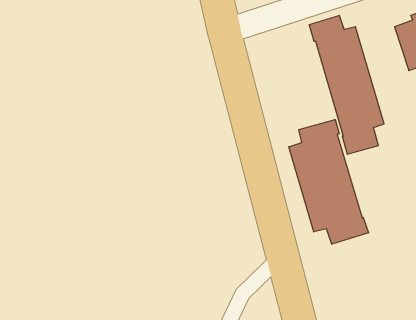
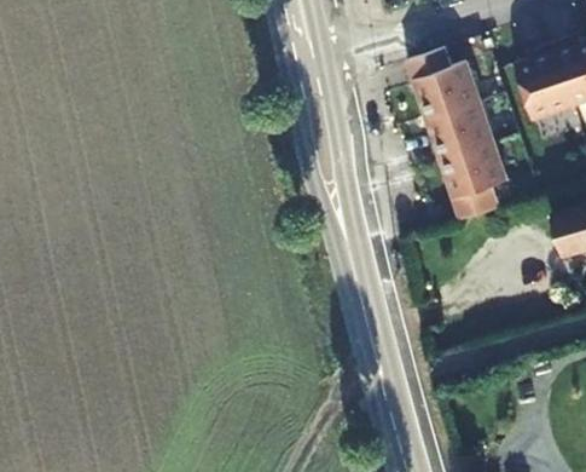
building: [289,119,368,244] -> none

